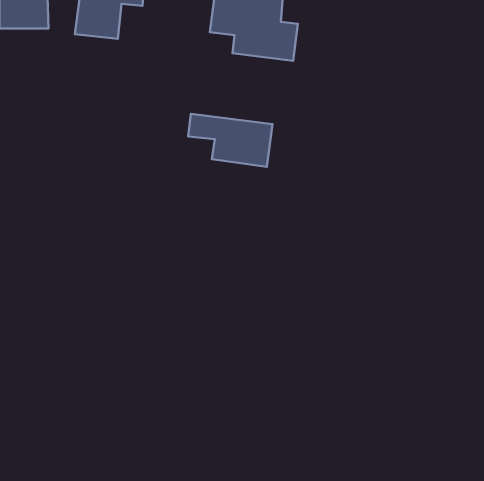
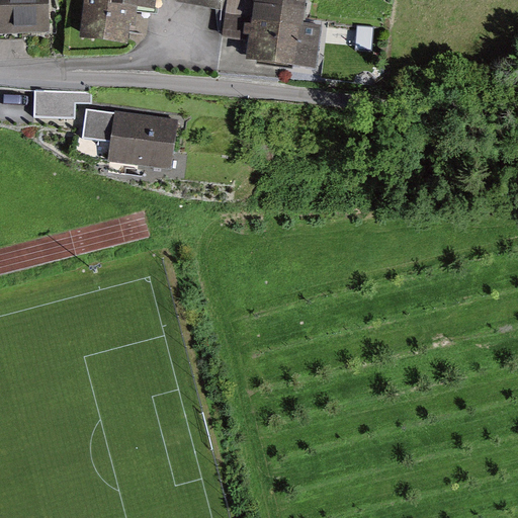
building: none -> [33,89,90,116]
building: [188,114,273,167] -> [84,111,174,168]

